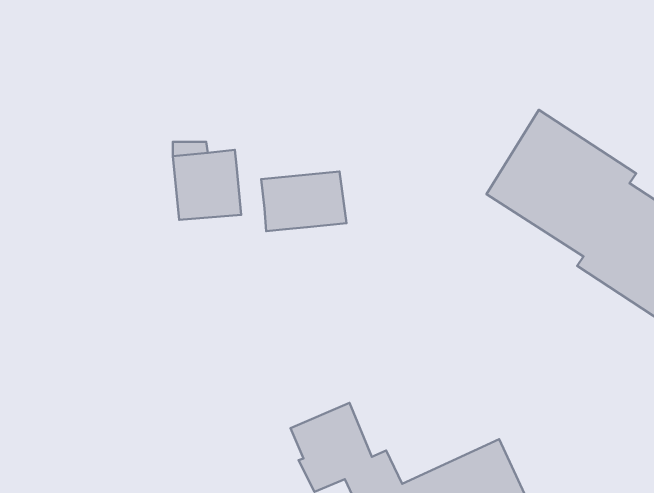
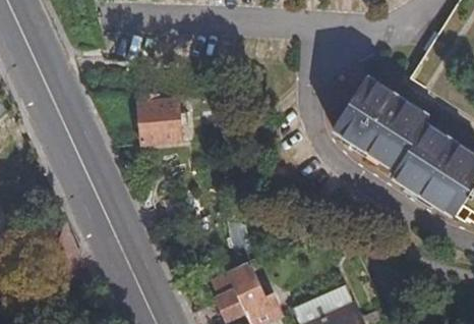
building: [261,171,346,231] -> none

